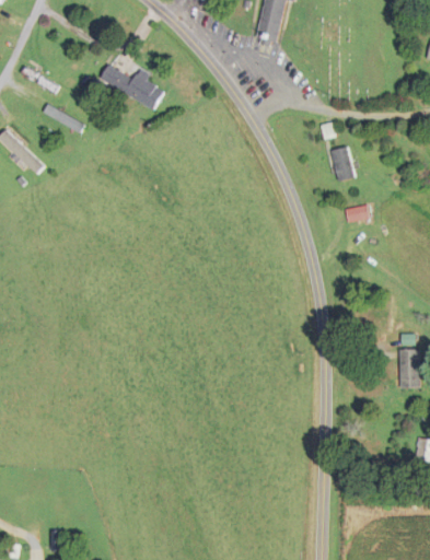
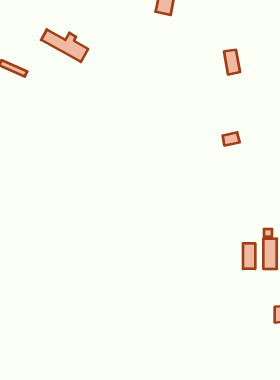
building: [332,147,353,179] -> [224,50,240,74]
building: none -> [243,243,255,269]

